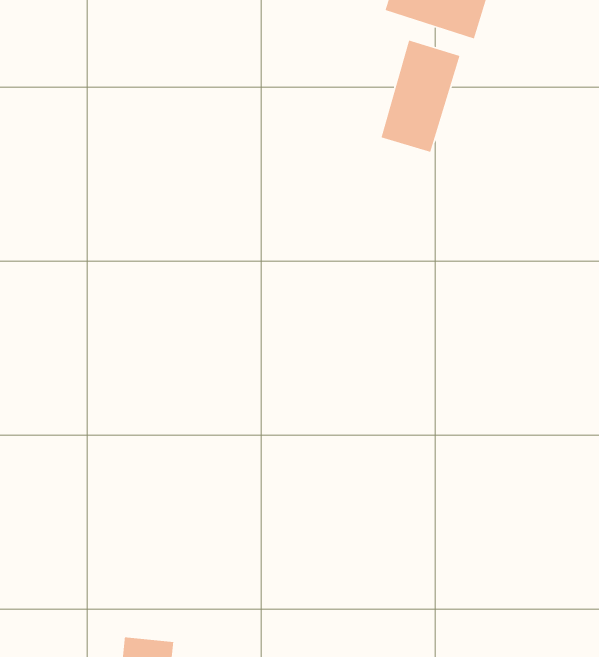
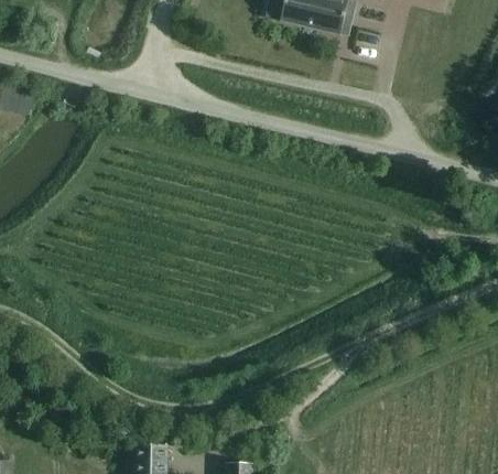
building: [380,40,460,153] -> none

